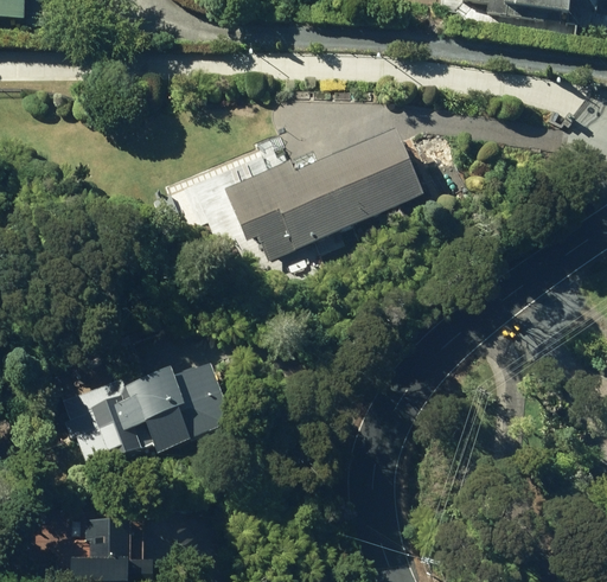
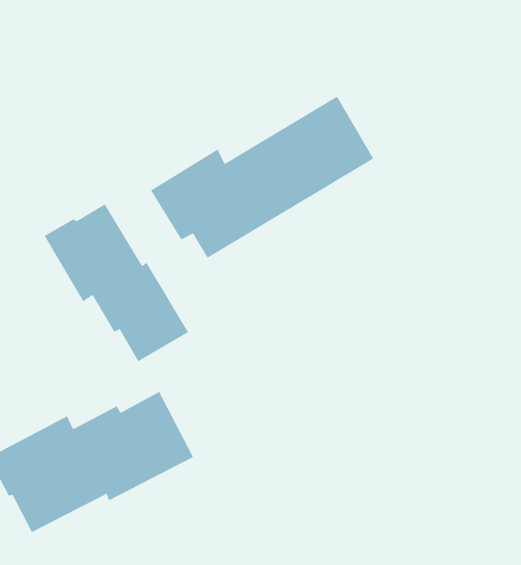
building: none -> [44,203,189,362]

